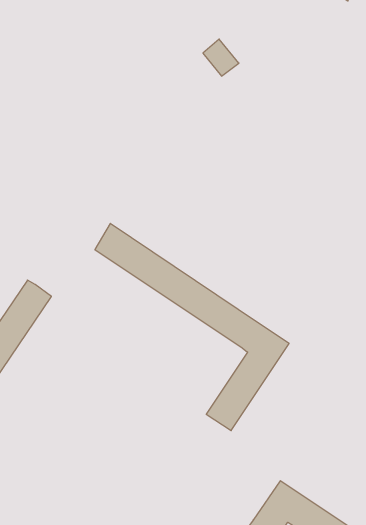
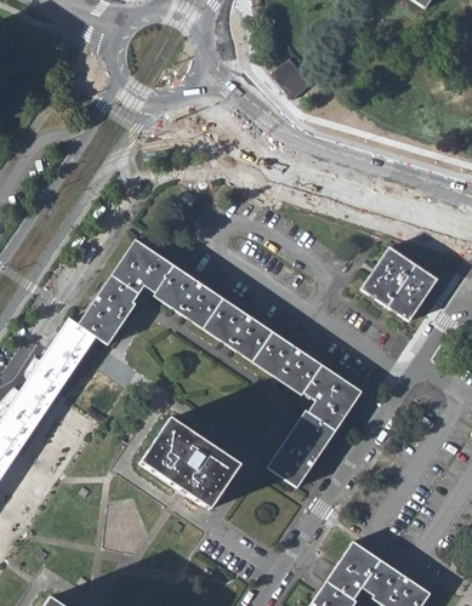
building: none -> [79,238,163,343]
building: none -> [360,246,436,320]
building: none -> [138,416,238,507]

